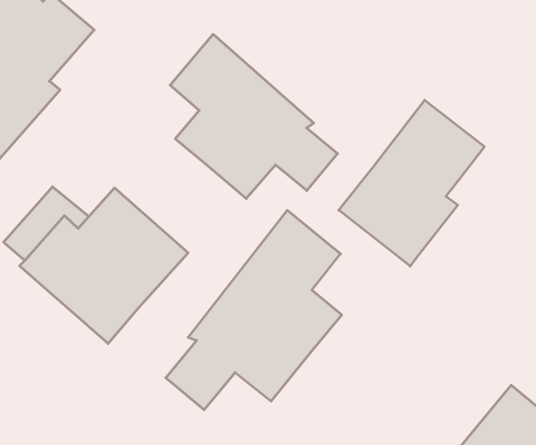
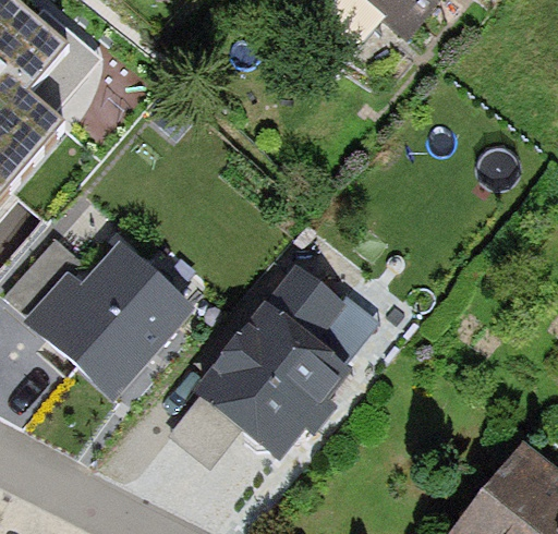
building: [170,34,338,199] -> none
building: [339,100,484,266] -> none

